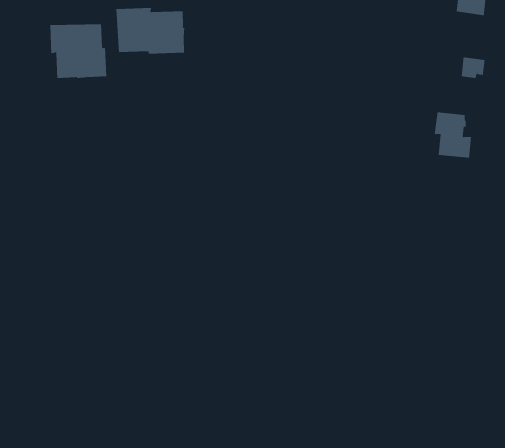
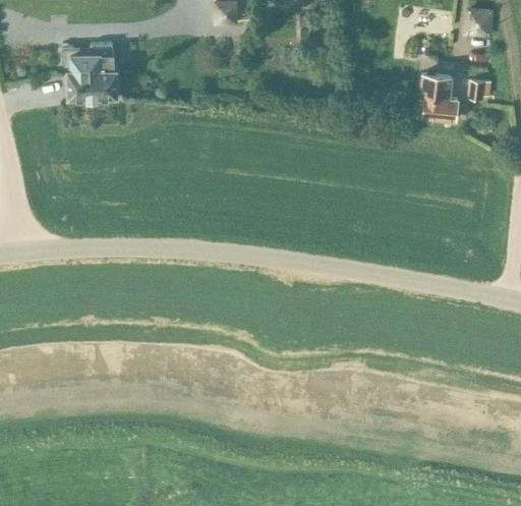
building: [116,7,185,55] -> none
building: [434,112,472,158] -> [420,72,458,118]

